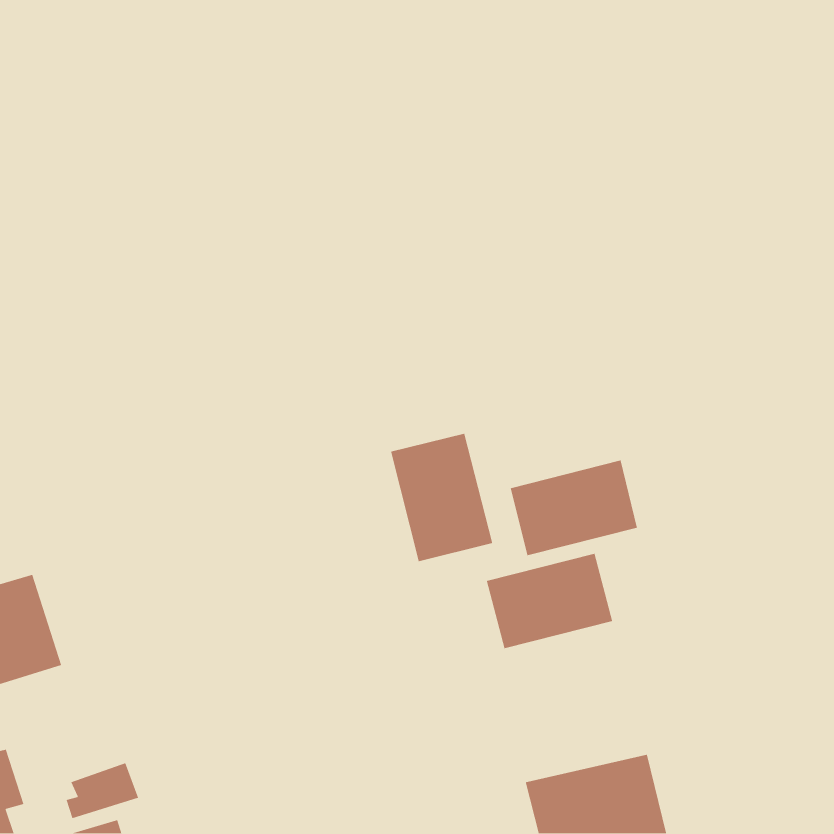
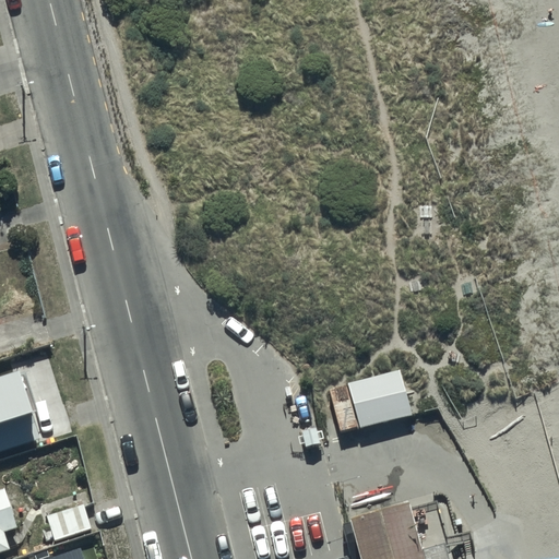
building: [390,433,493,562] -> none
building: [510,460,638,556] -> none

